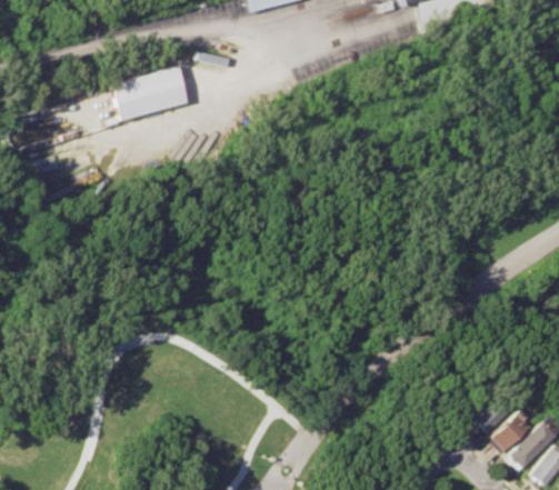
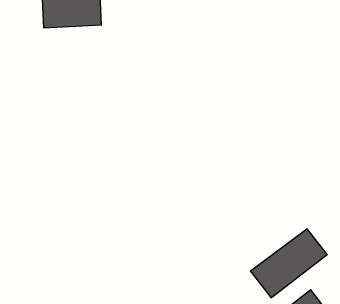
building: none -> [251,229,327,298]

